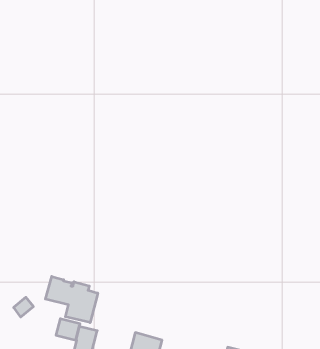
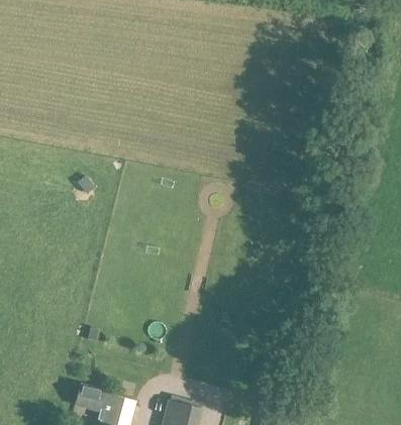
building: [45,276,98,323] -> none

